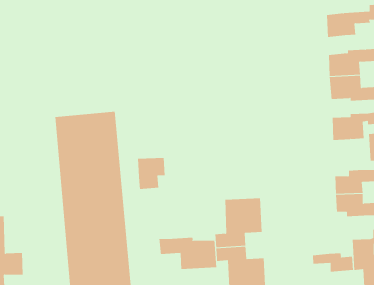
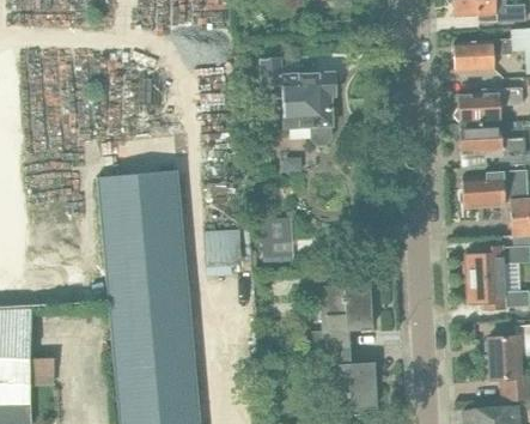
building: none -> [261,59,335,145]
building: none -> [262,218,294,258]
building: [159,237,217,270] -> none
building: [312,253,353,272] -> none

